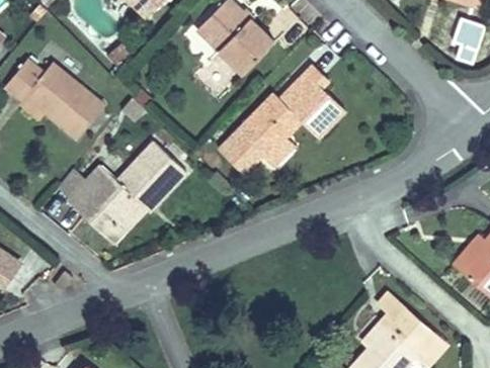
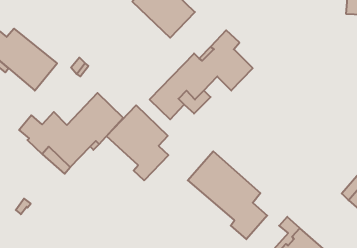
building: none -> [106,105,168,180]
building: none -> [188,151,267,239]

